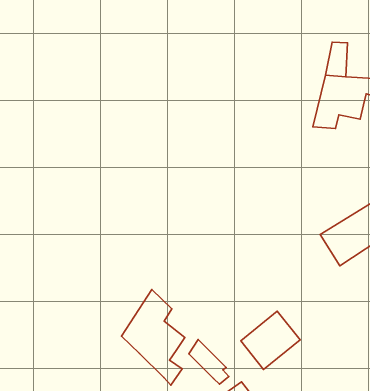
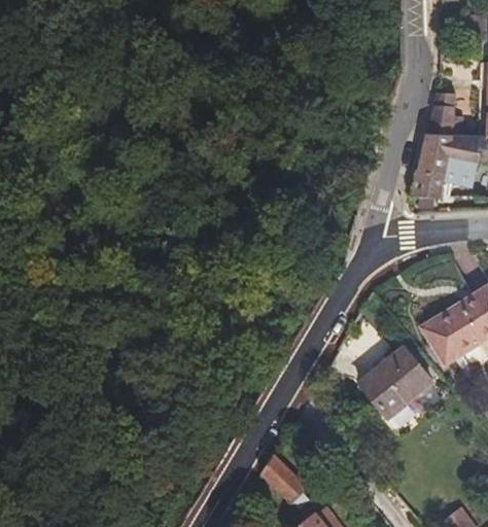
building: [122,289,185,385] -> none
building: [241,311,300,370] -> [359,347,431,418]

